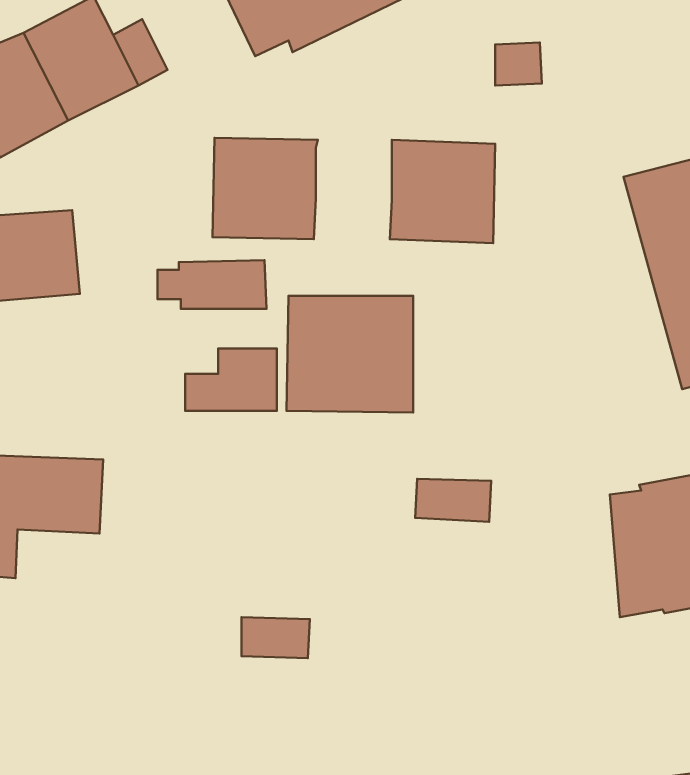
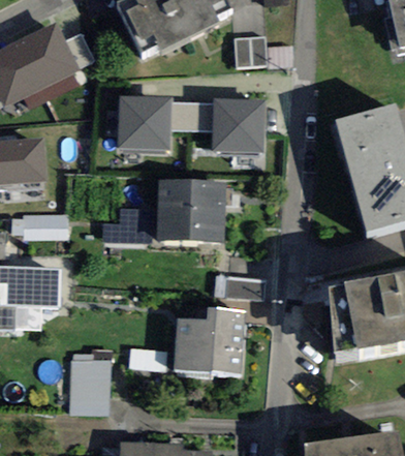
building: none -> [233,37,266,68]
building: none -> [173,102,213,130]
building: [157,260,267,309] -> [11,214,69,240]
building: none -> [175,308,246,375]
building: none -> [68,359,111,418]

